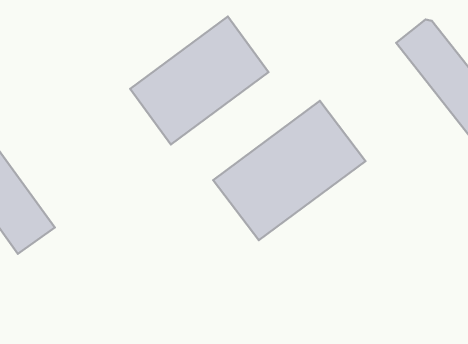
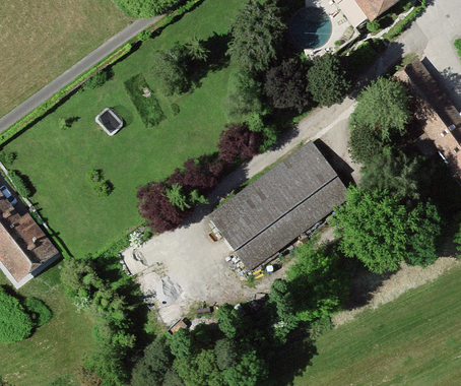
building: [130,16,269,145] -> none

